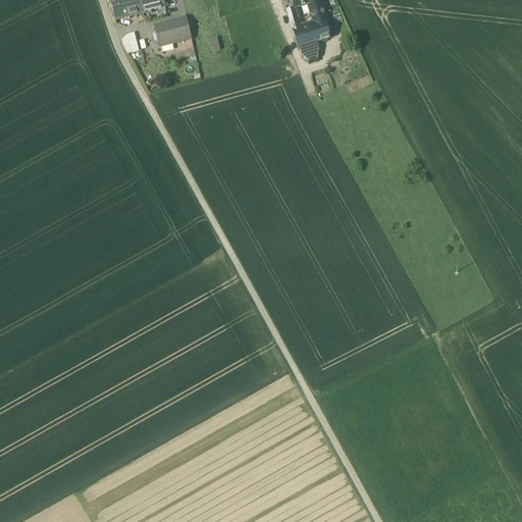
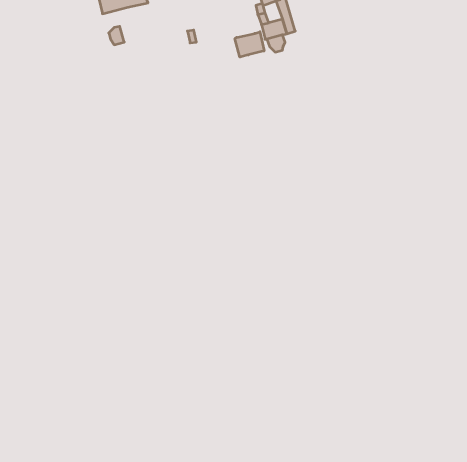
building: [154,14,192,43] -> none
building: none -> [235,32,264,57]

